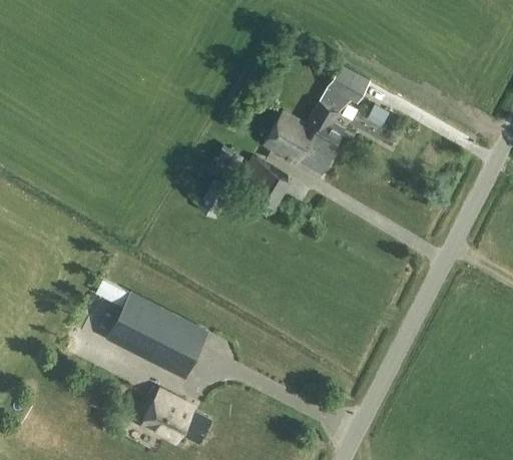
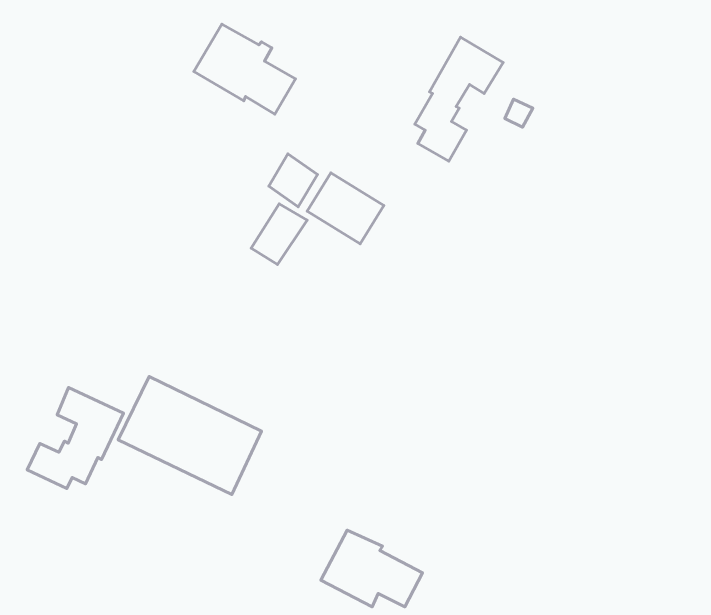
building: [265,110,334,171] -> [194,24,296,114]
building: none -> [27,388,124,489]
building: [142,390,211,442] -> [321,530,422,607]

